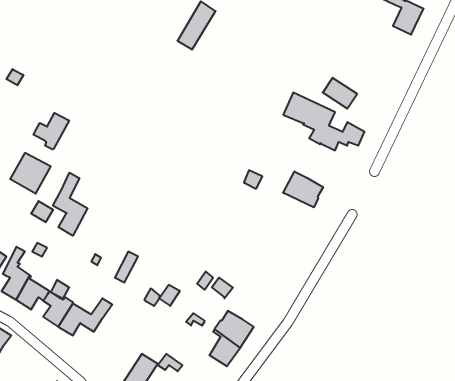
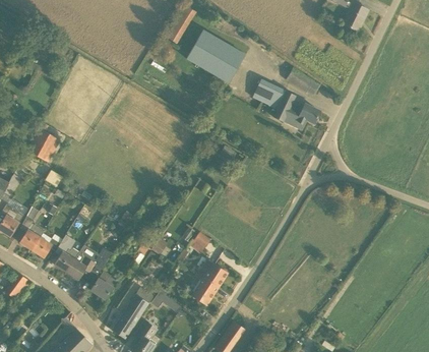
building: none -> [185,28,245,83]
building: [33,113,69,149] -> none
building: [283,171,323,207] -> none
building: [53,173,88,236] -> none
building: none -> [90,271,117,299]

